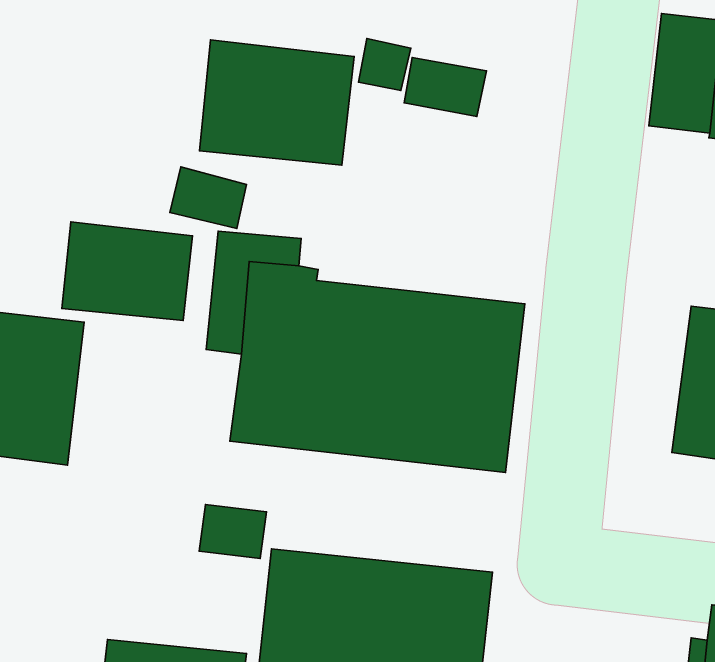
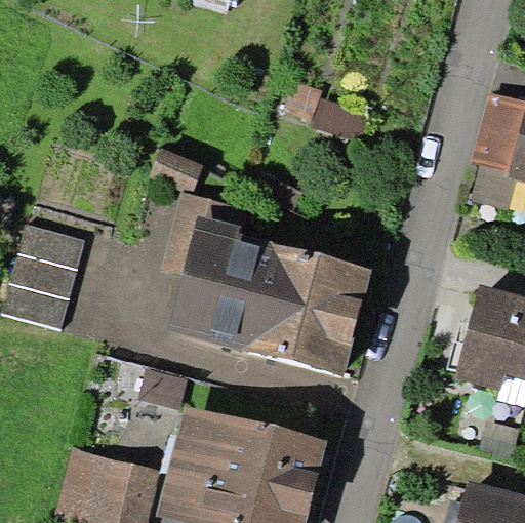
building: [199,40,354,165] -> none
building: [62,222,193,321] -> none

